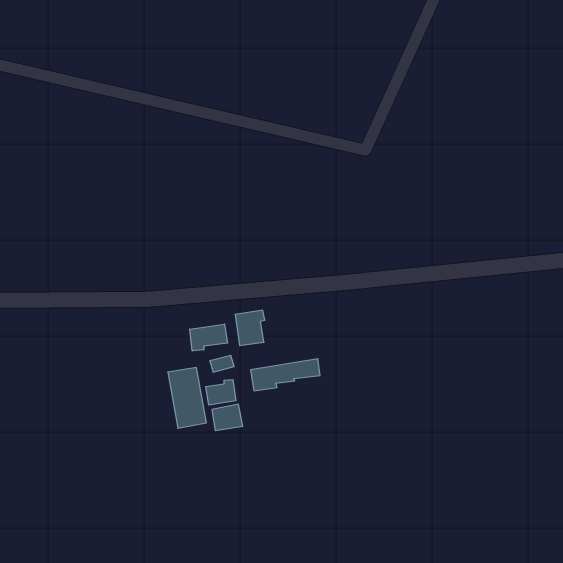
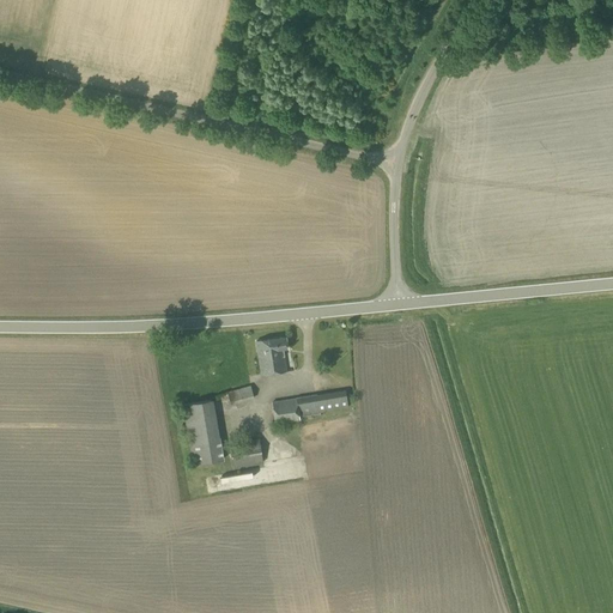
building: [190,324,227,351] -> none
building: [206,380,236,405] -> none

